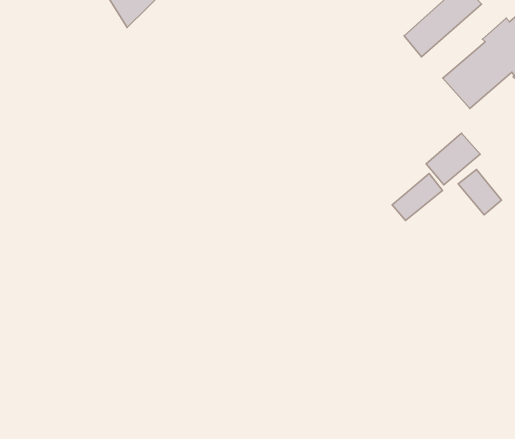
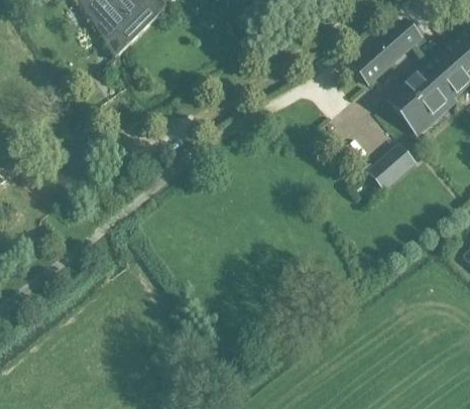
building: [458,169,501,215] -> none
building: [392,174,442,221] -> none

